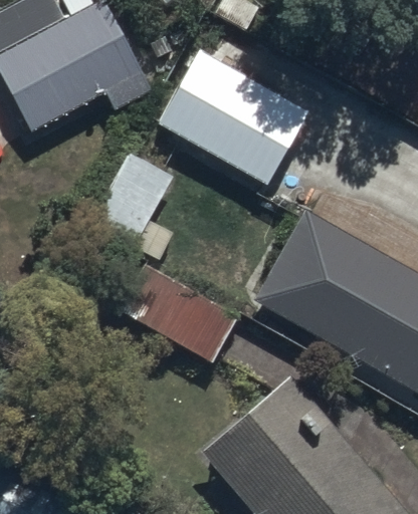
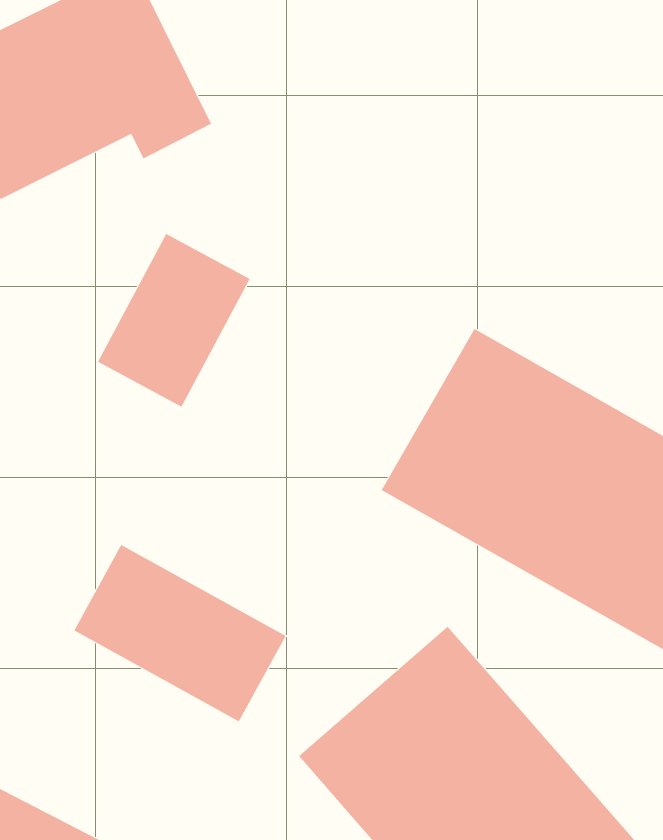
building: [157,50,309,189] -> none
building: [118,265,239,366] -> [73,544,287,722]

